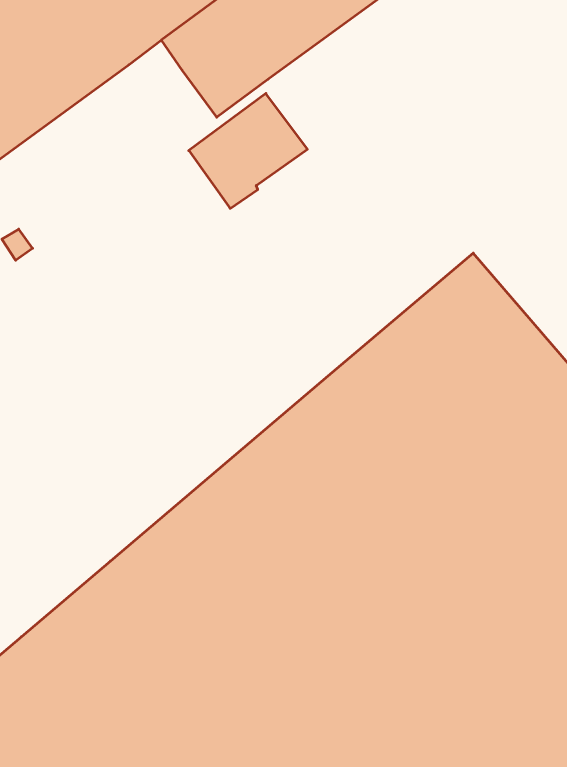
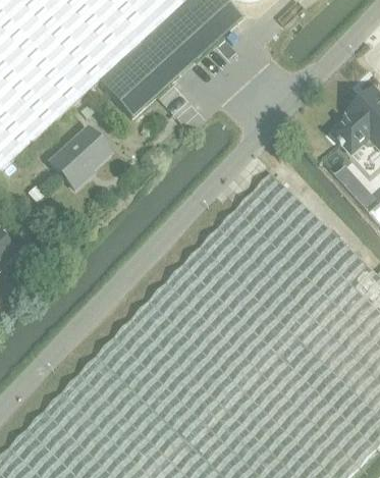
building: [189,93,307,208] -> [50,127,111,189]

